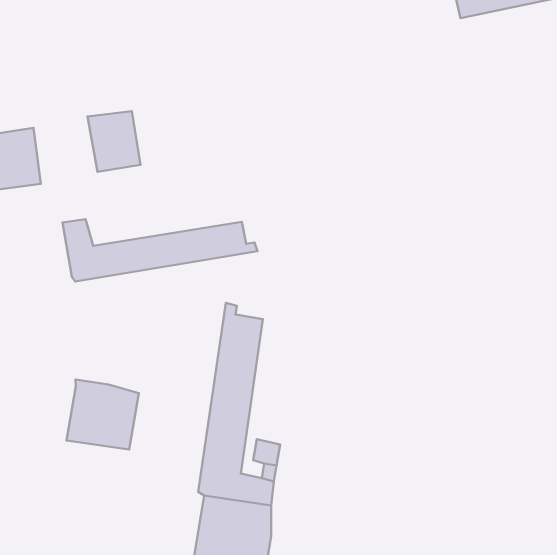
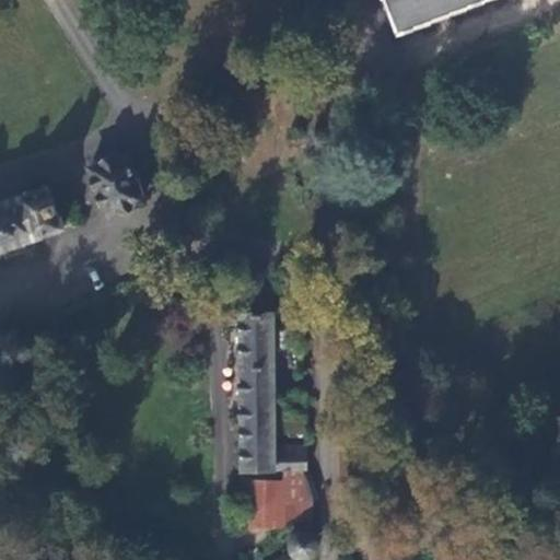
building: [63,219,257,281] -> none
building: [66,380,139,450] -> none

